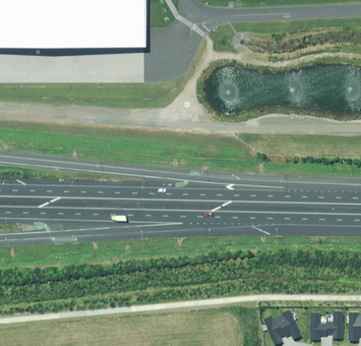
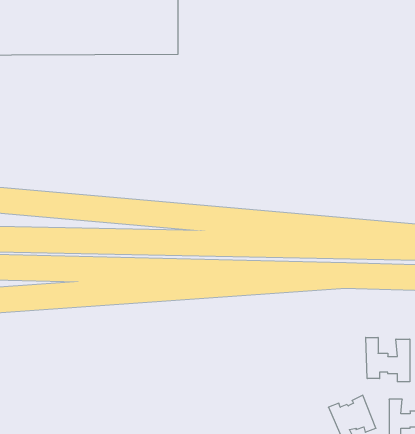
building: none -> [366,337,410,382]

